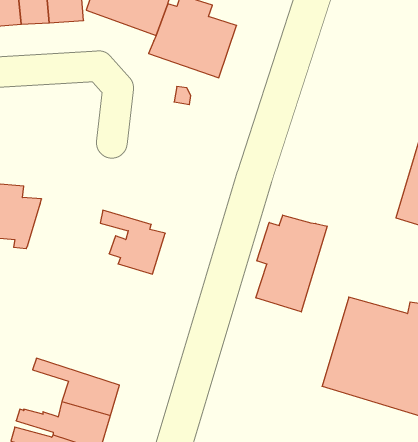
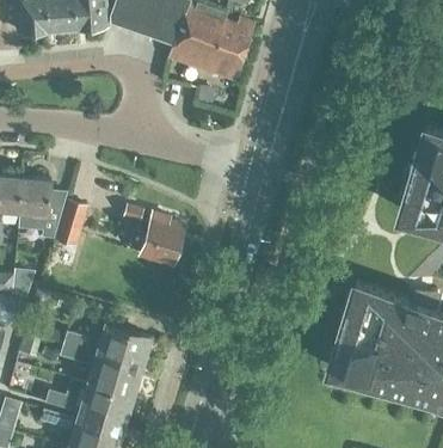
building: none -> [55,201,87,246]
building: [256,215,327,312] -> none
building: none -> [35,326,150,370]

